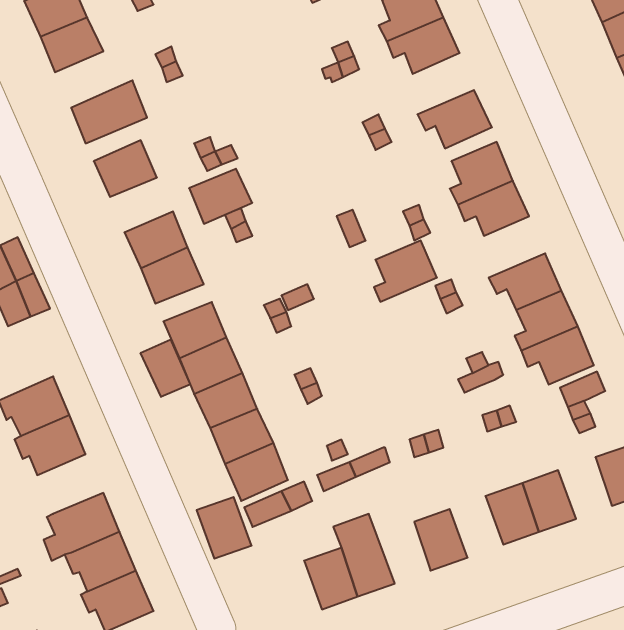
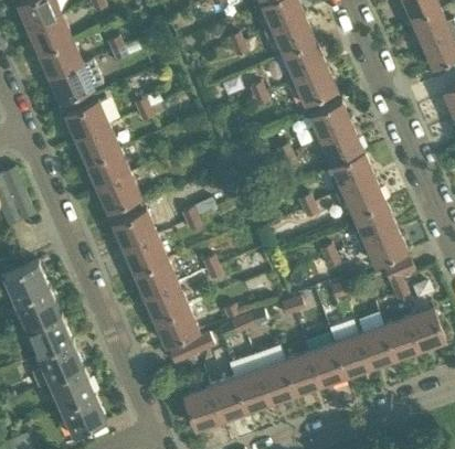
building: none -> [39,40,82,78]
building: none -> [282,41,325,83]
building: [189,169,252,224] -> [76,126,119,163]
building: [374,240,437,302] -> [330,152,373,194]
building: [141,339,190,397] -> none
building: none -> [22,314,72,355]
building: none -> [382,317,419,359]
building: none -> [308,343,345,385]
building: [197,497,252,559] -> [183,387,221,429]
building: none -> [253,346,295,403]

